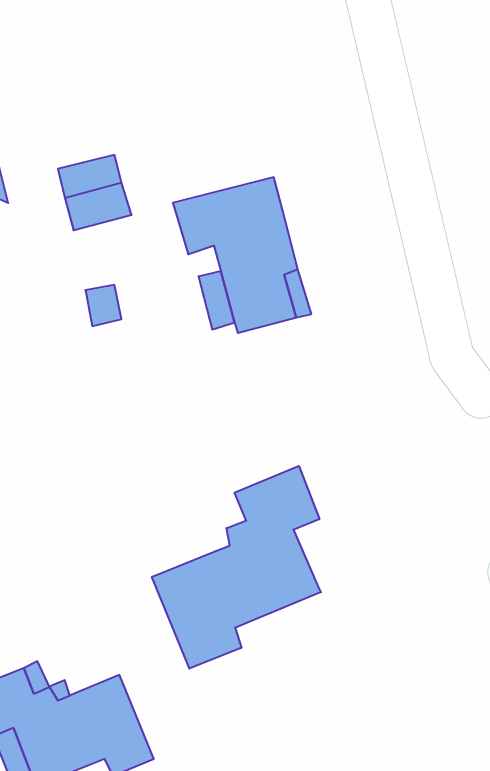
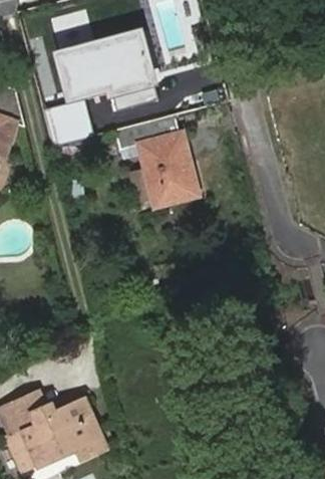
building: none -> [59,37,158,107]
building: [152,466,321,669] -> none

